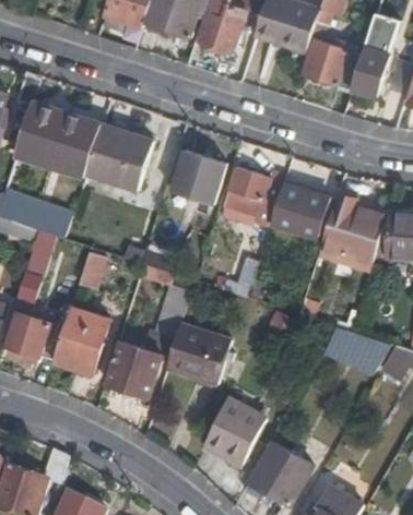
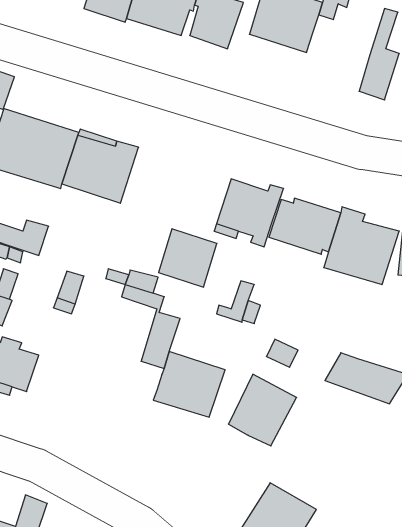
building: [303,39,361,94] -> none
building: [173,151,225,203] -> [159,229,217,287]
building: [51,306,109,374] -> none
building: [106,334,174,397] -> none
building: [203,398,264,463] -> [228,374,297,446]

